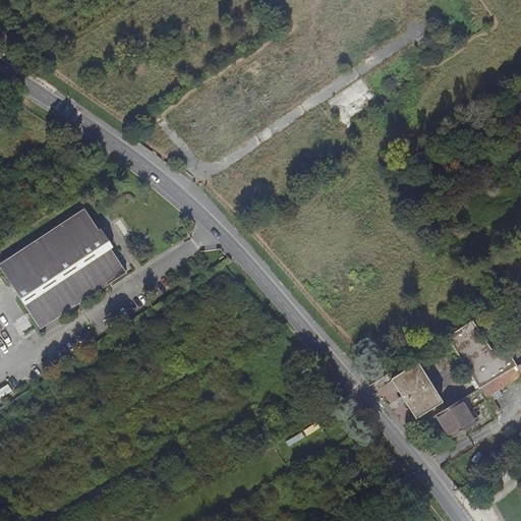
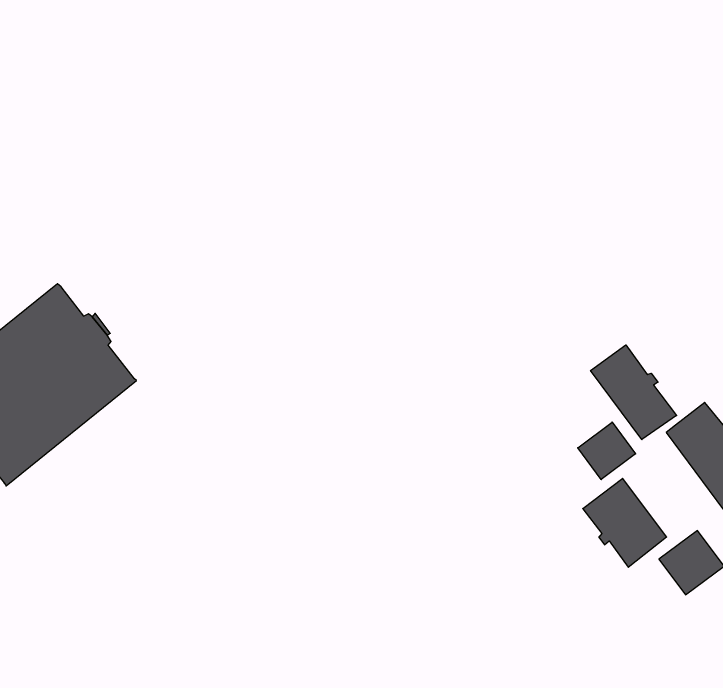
building: none -> [591,345,677,440]
building: none -> [578,422,636,480]

